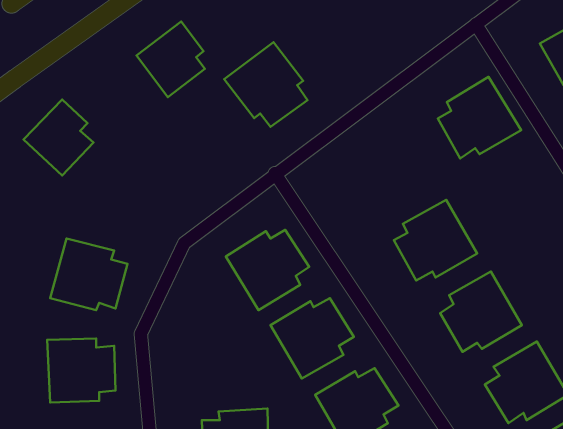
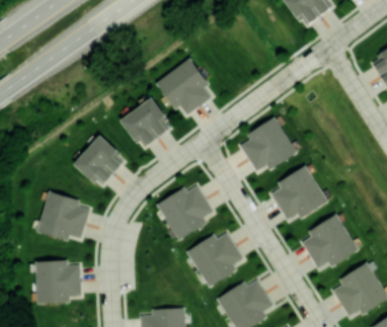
building: [136,21,205,97] -> [121,96,167,148]
building: [438,77,521,159] -> [240,116,297,172]
building: [24,99,93,175] -> [74,135,122,186]

